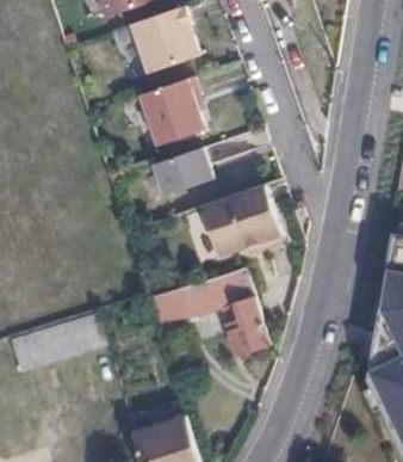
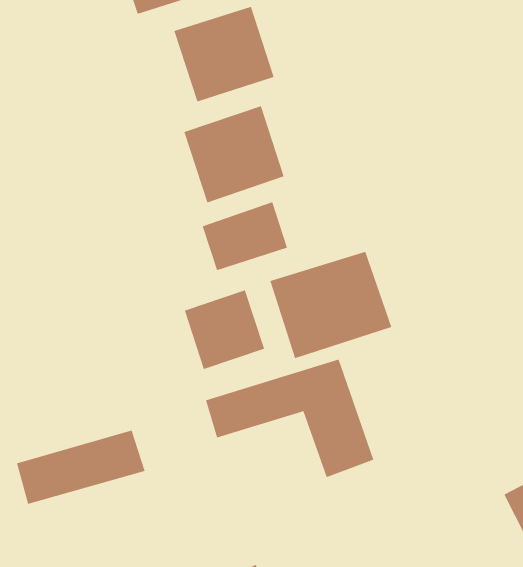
building: none -> [184,289,265,370]

